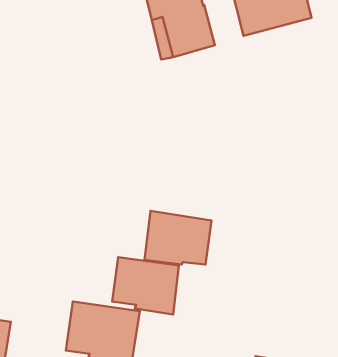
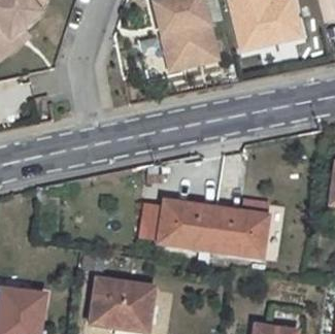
building: [112,257,179,314] -> [210,208,268,258]

